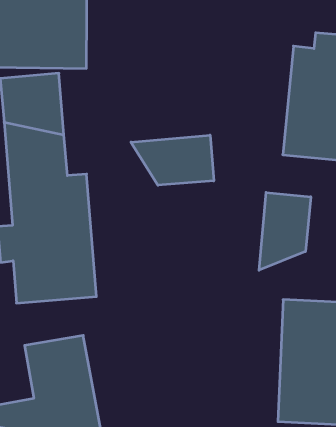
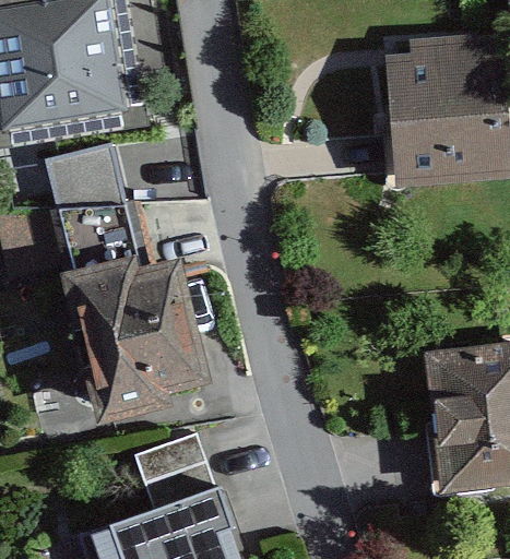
building: [131,135,214,185] -> none
building: [259,192,311,270] -> none

